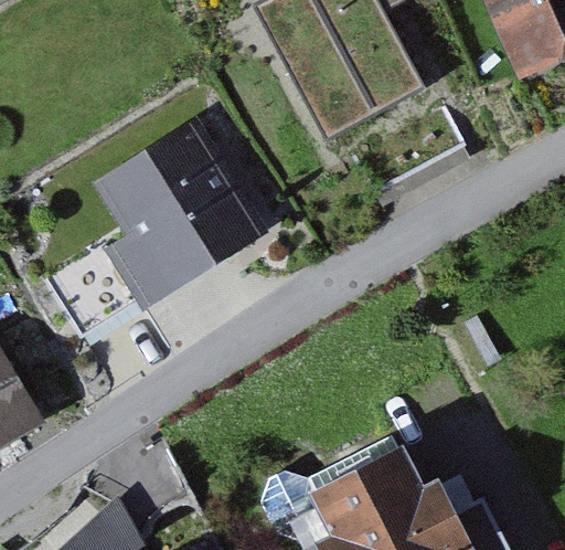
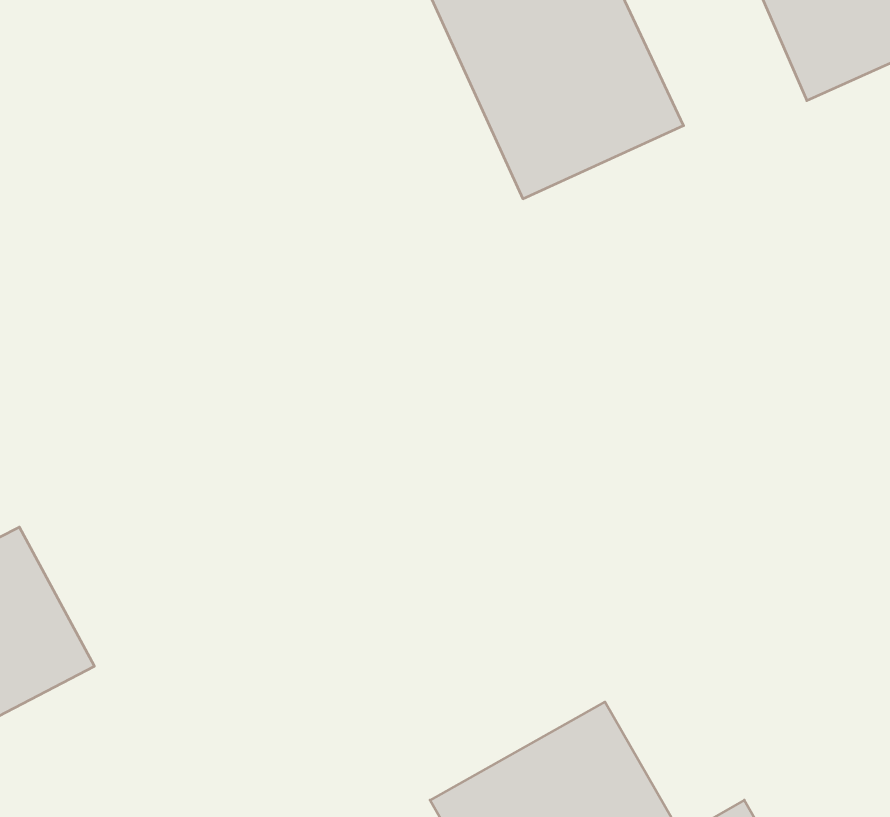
building: [92,134,243,294] -> none

